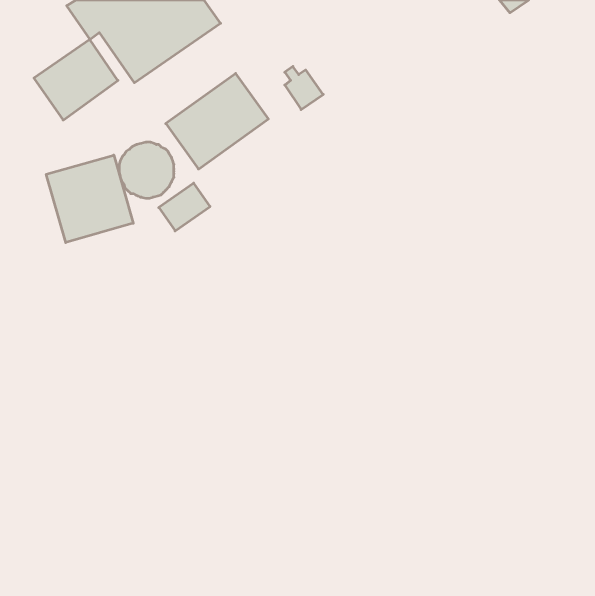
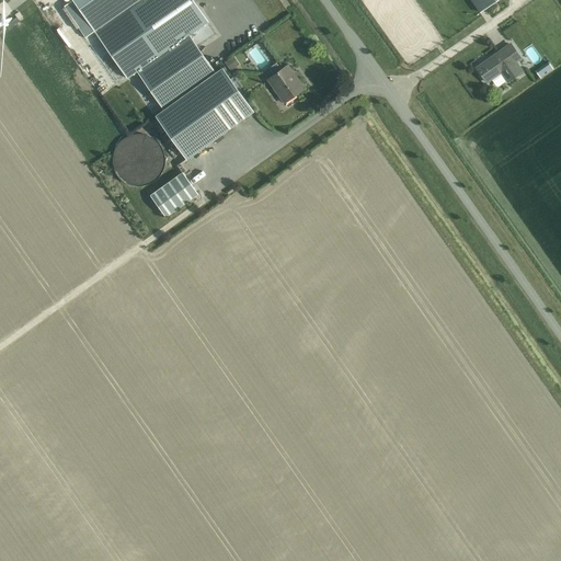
building: [34,40,118,120] -> [137,34,216,110]
building: none -> [476,44,520,82]
building: [46,155,133,243] -> none

